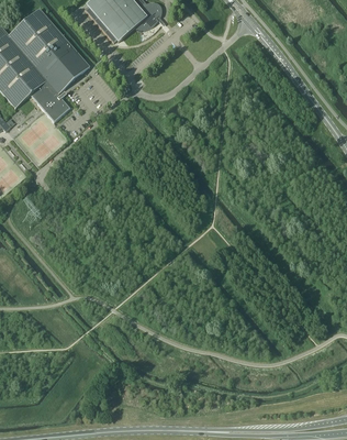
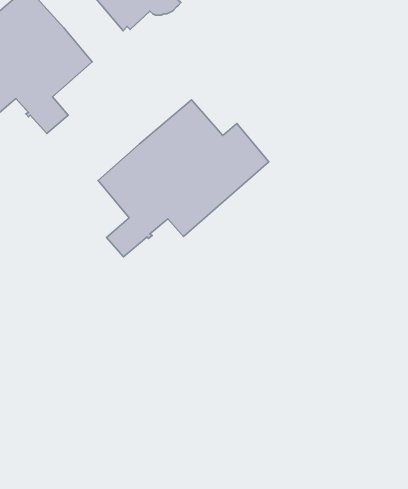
building: none -> [98,100,269,257]

